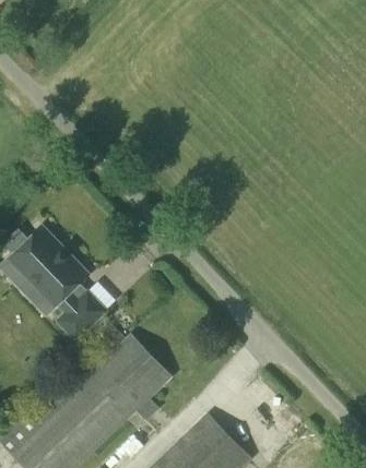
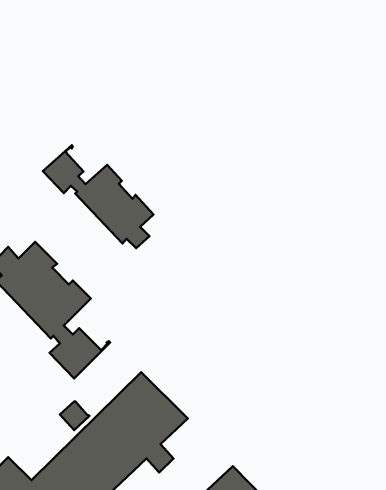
building: none -> [43,145,154,248]

